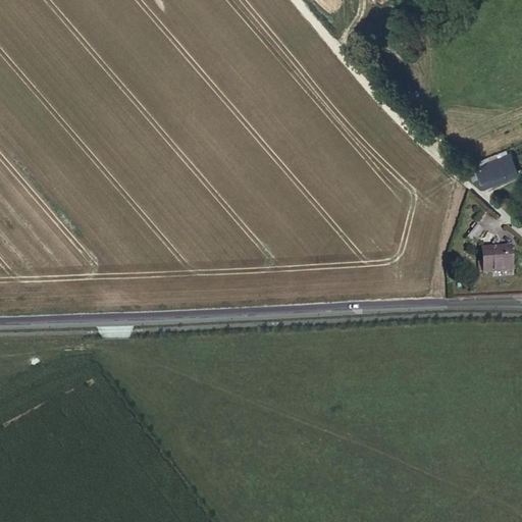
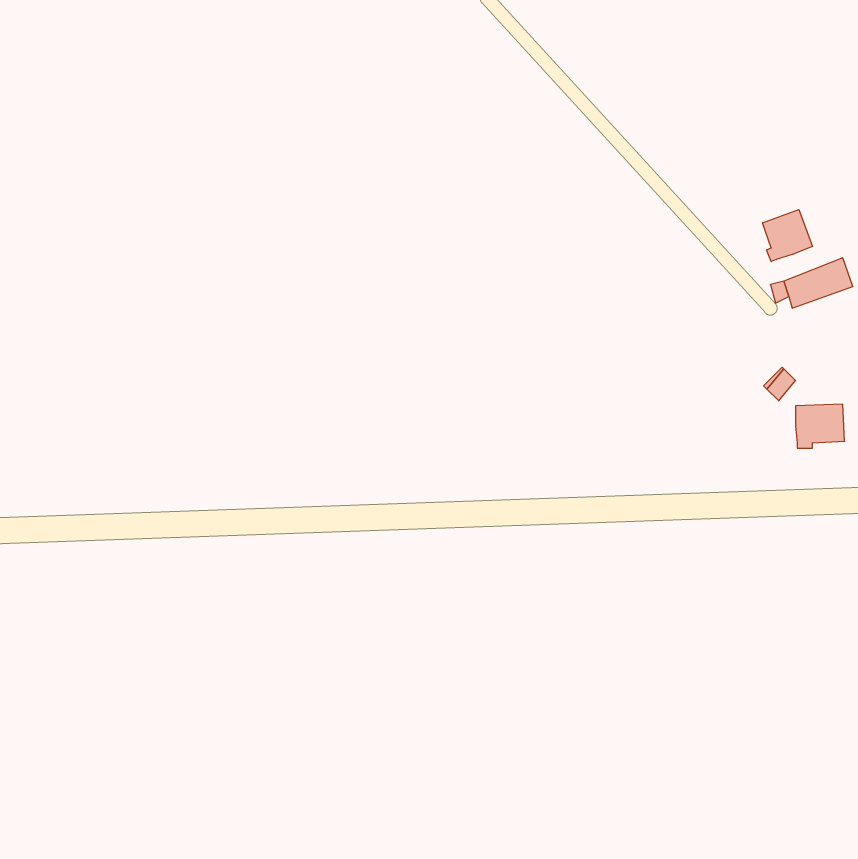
building: none -> [762,210,813,262]

